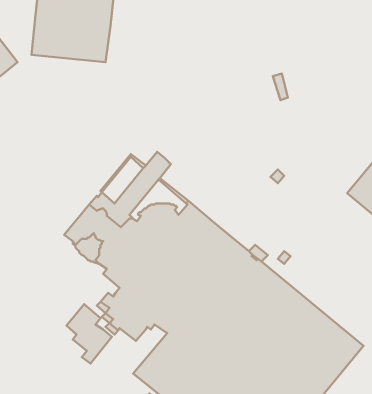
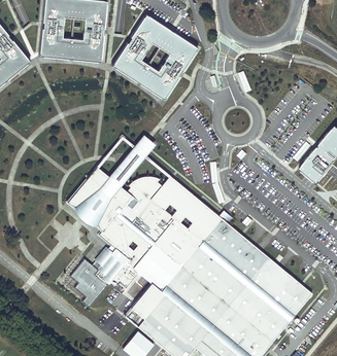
building: none -> [112,16,197,100]

